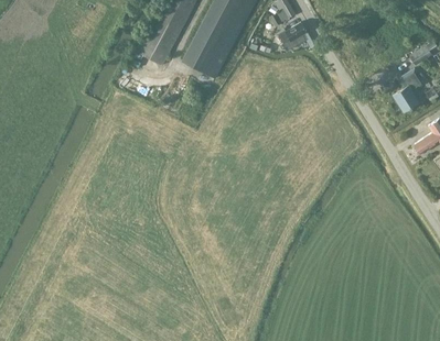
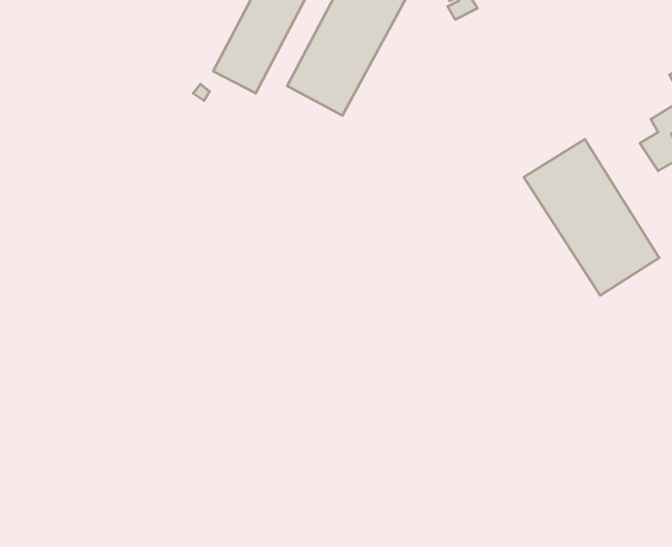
building: [277,22,307,51] -> none
building: none -> [524,139,659,295]

